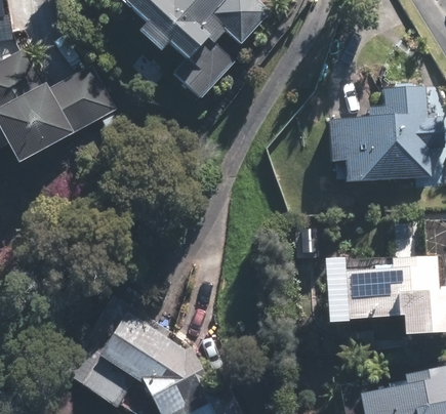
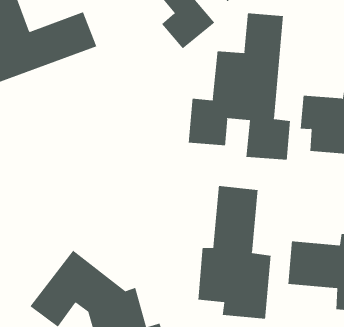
building: none -> [188,12,291,161]
building: none -> [198,185,271,320]

